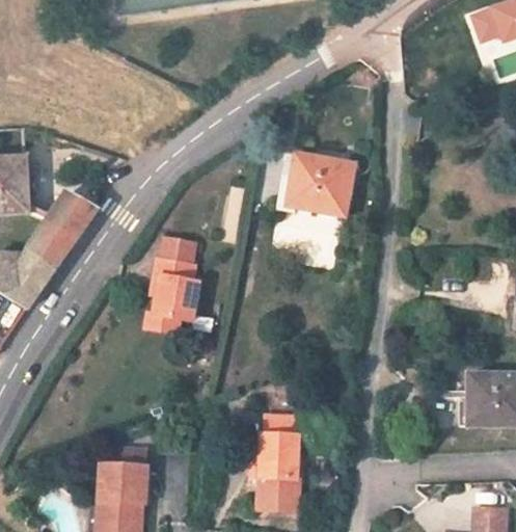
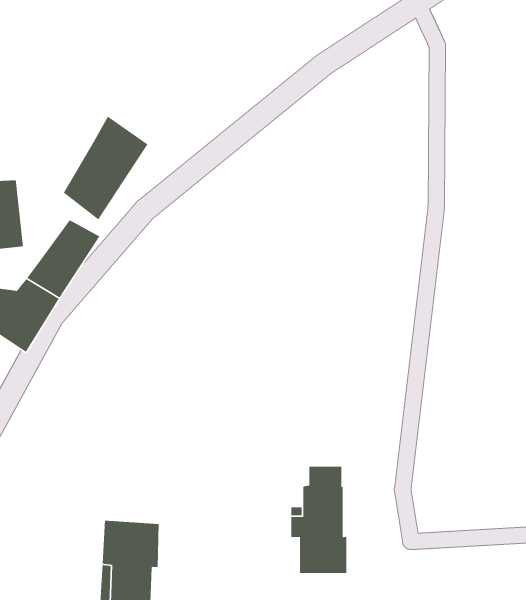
building: none -> [63,116,148,221]
building: [283,155,349,212] -> none
building: [148,250,199,324] -> none

